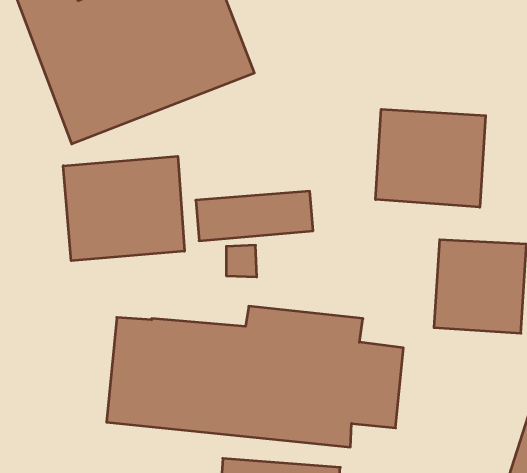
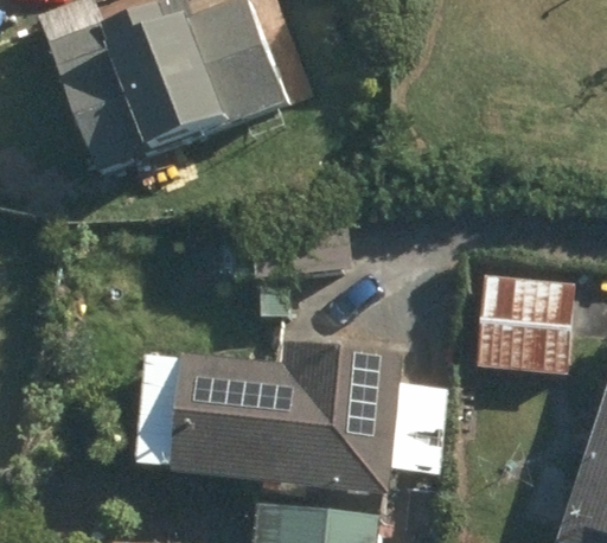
building: [376,109,486,207] -> none
building: [63,156,184,261] -> none

